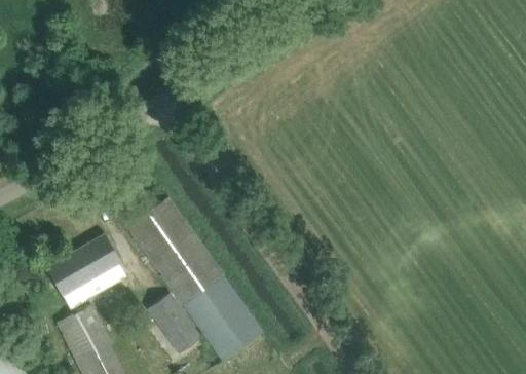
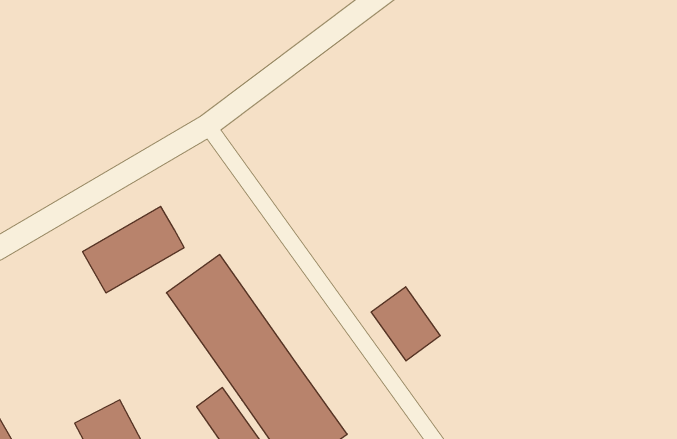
building: none -> [371,287,440,361]
building: [44,236,120,301] -> [83,206,184,293]

